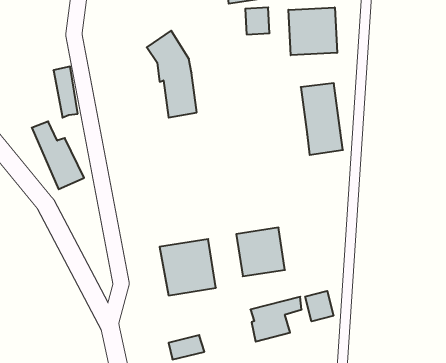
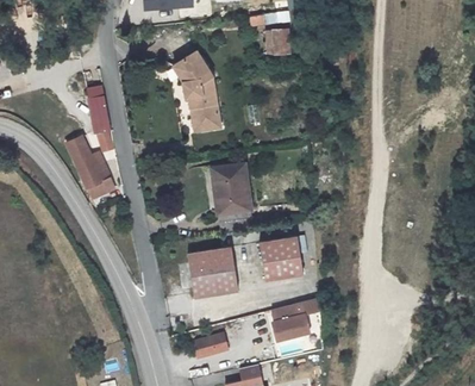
building: [288,7,337,55] -> none
building: [301,83,343,155] -> [212,166,251,232]
building: [305,291,333,321] -> none

